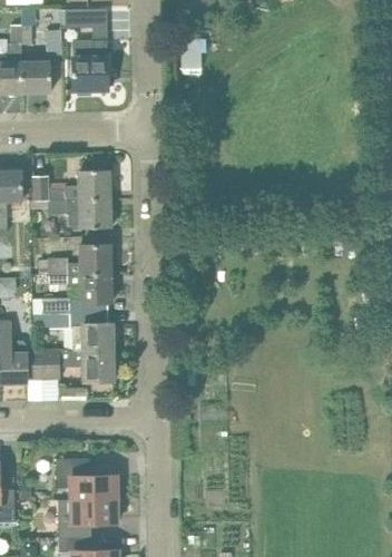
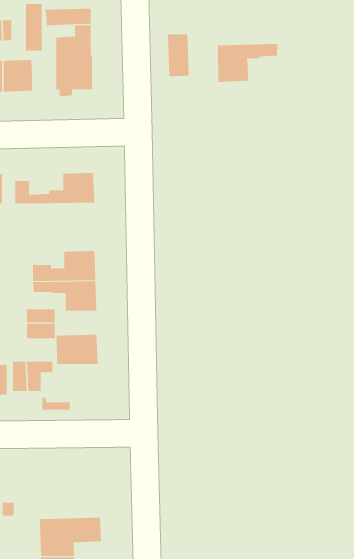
building: none -> [217,43,278,83]
building: [48,198,115,227] -> none
building: [84,353,115,382] -> none
building: [55,458,116,500] -> none

